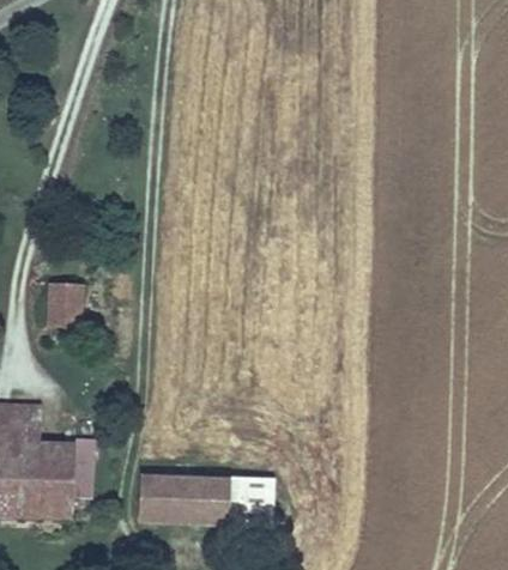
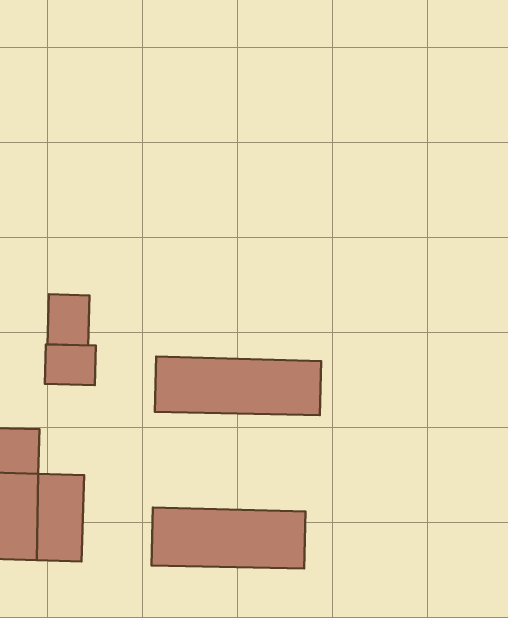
building: none -> [45,344,96,385]
building: none -> [155,357,321,415]

